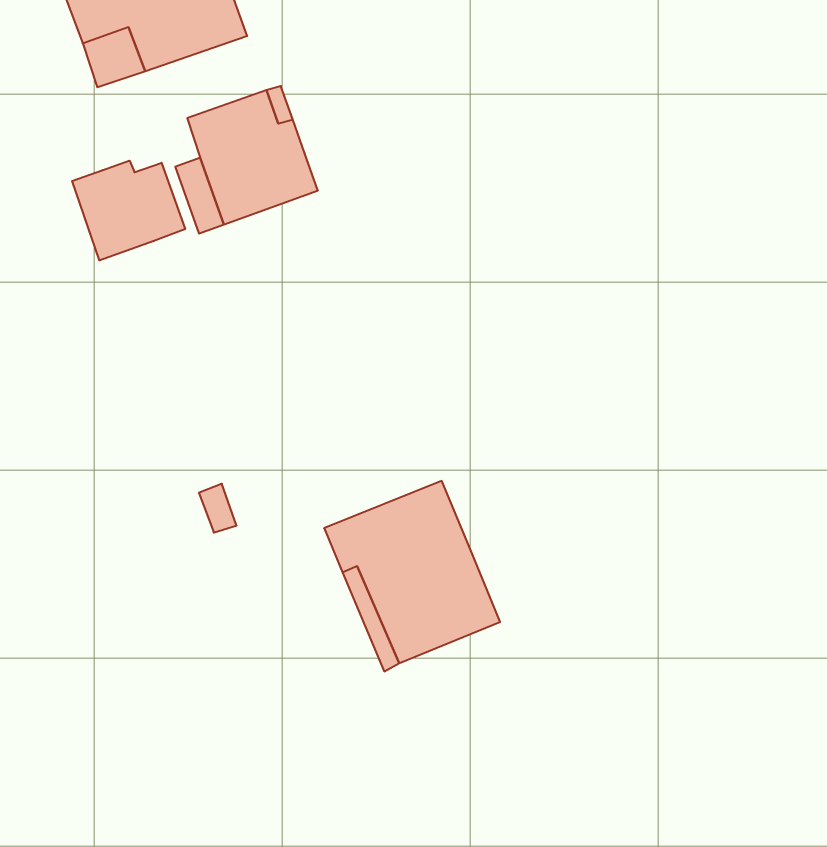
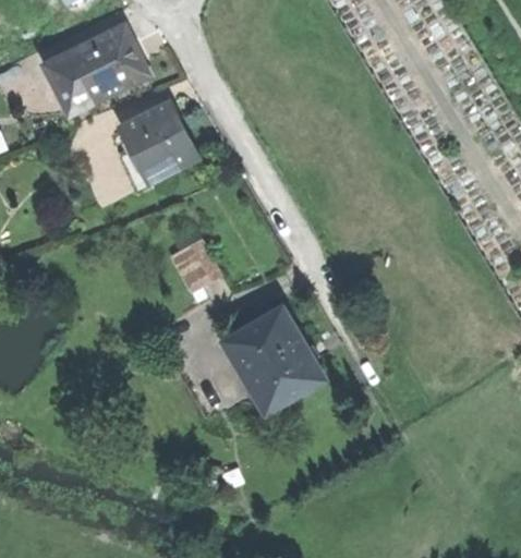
building: [72,161,185,260] -> none
building: none -> [170,239,217,288]

